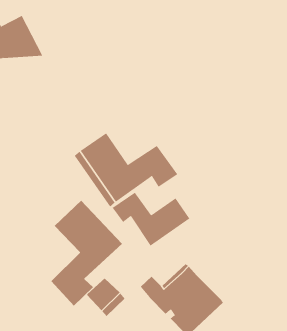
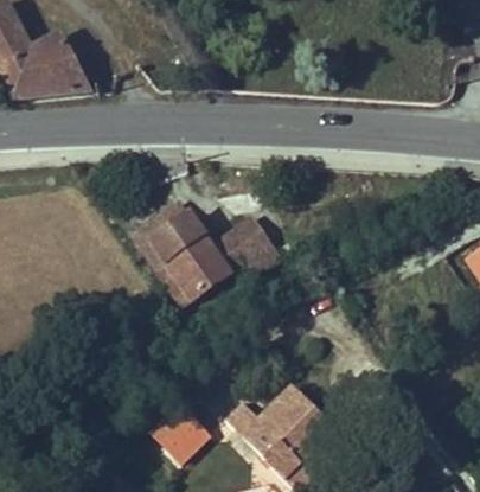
building: [112,192,190,246] -> none
building: [51,200,123,307] -> none

